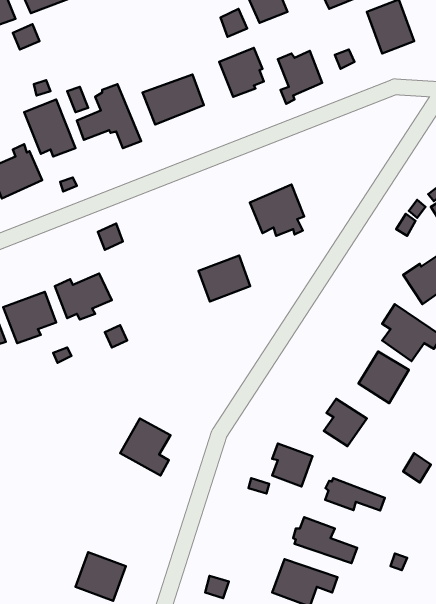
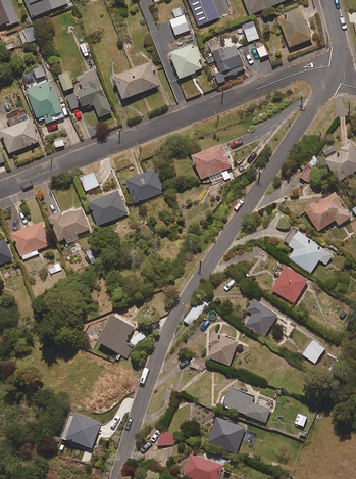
building: none -> [88,190,126,225]
building: [199,256,250,302] -> [125,169,163,202]
building: [325,478,385,510] -> none

